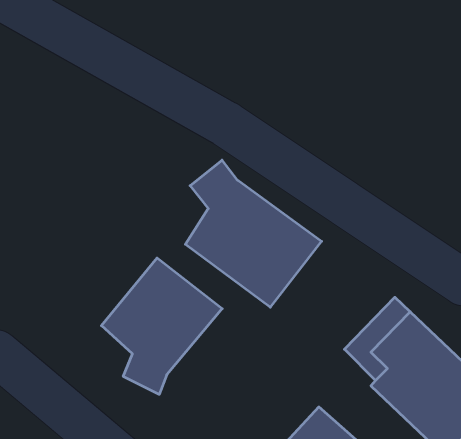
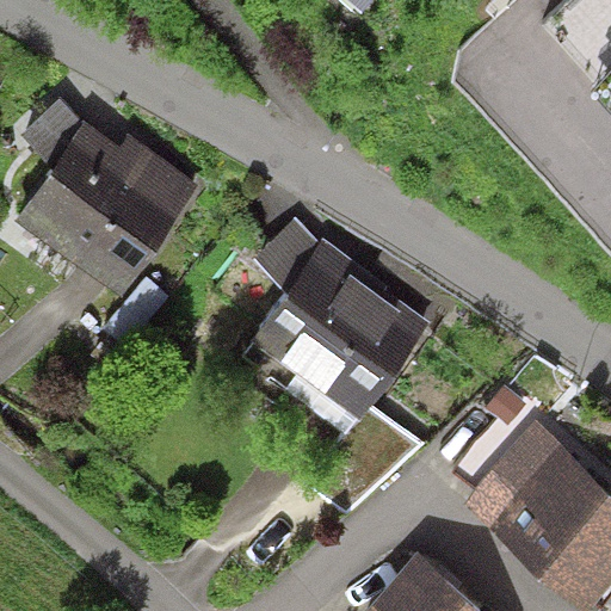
building: none -> [14,104,193,295]
building: [101,258,222,394] -> none

